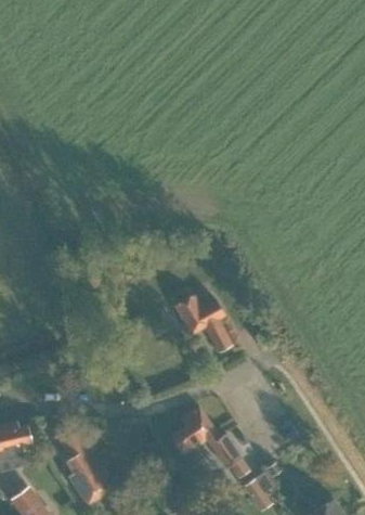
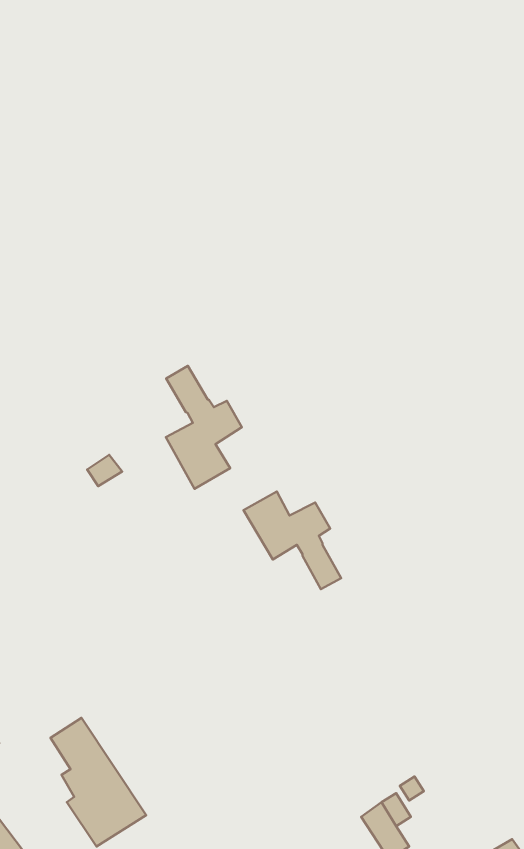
building: none -> [166,366,242,489]
building: [169,405,250,481] -> none

